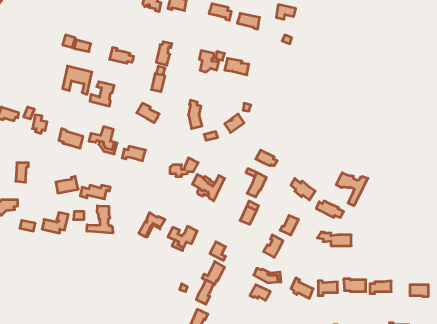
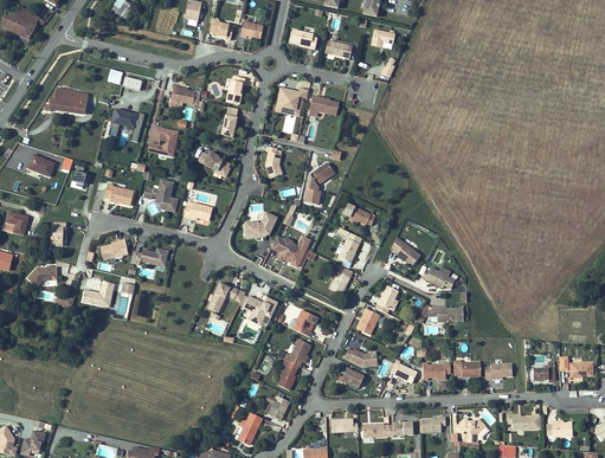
building: none -> [47,85,91,110]
building: [336,173,368,206] -> none
building: [87,206,113,233] -> none

